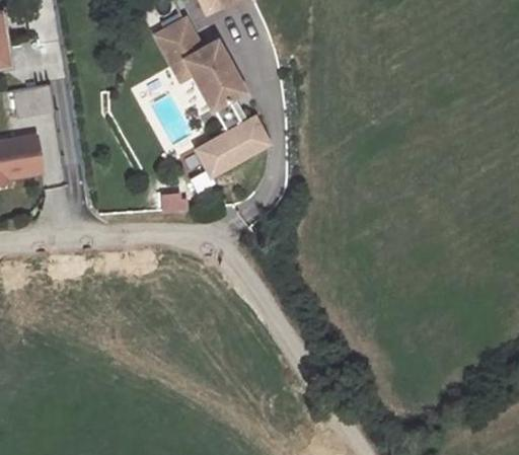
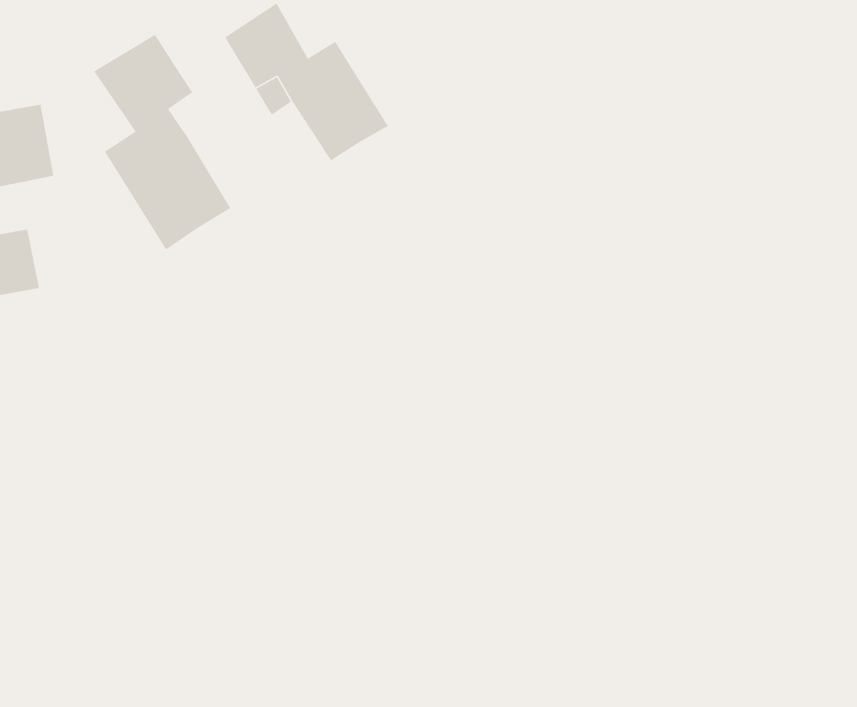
building: none -> [93,34,231,251]
building: [197,104,268,178] -> none

